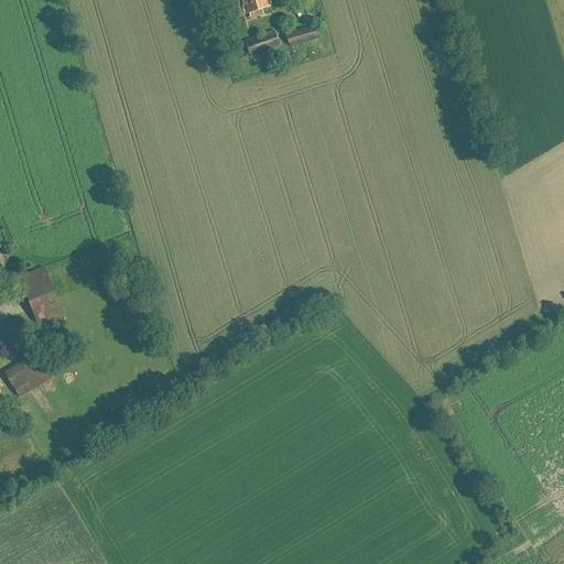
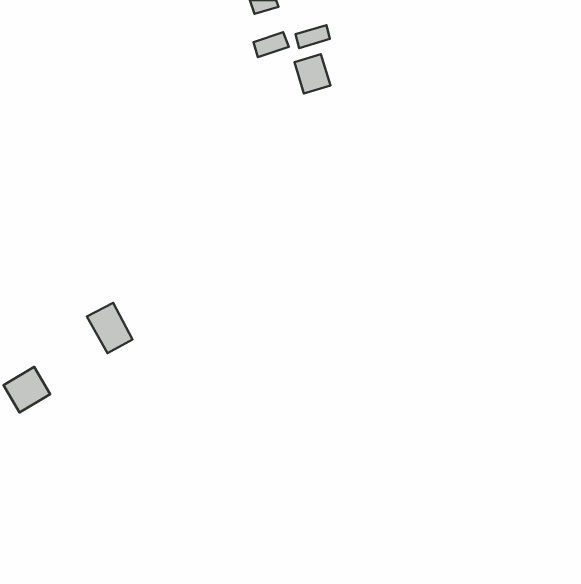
building: none -> [294,54,330,93]
building: [20,268,64,316] -> [87,303,132,353]

